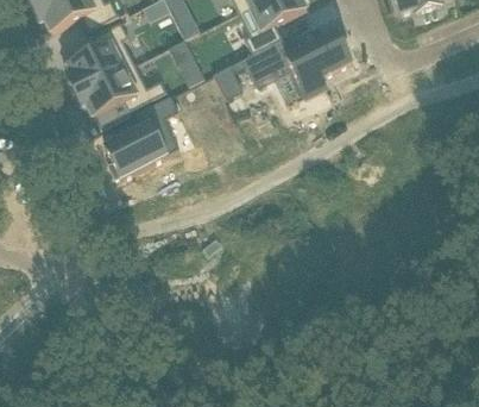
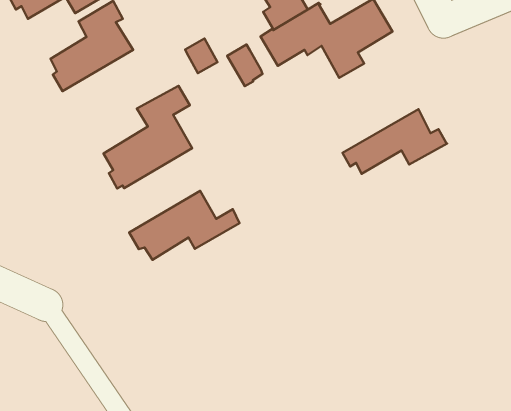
building: [74,61,165,115] -> [129,191,239,260]
building: none -> [343,109,447,174]

